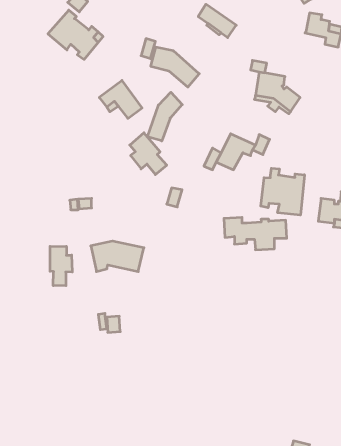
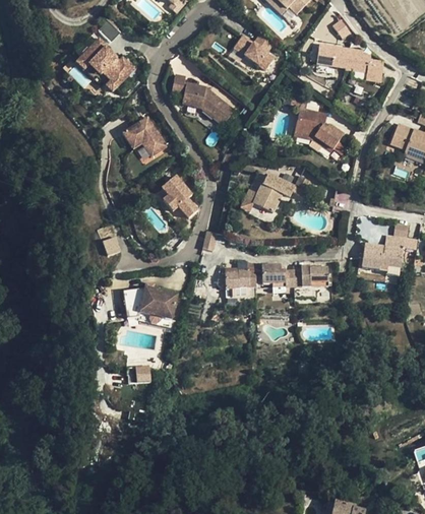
building: none -> [319,39,352,65]
building: [147,92,182,141] -> none
building: [261,168,304,215] -> none
building: none -> [224,268,255,290]
building: [50,246,72,286] -> none

